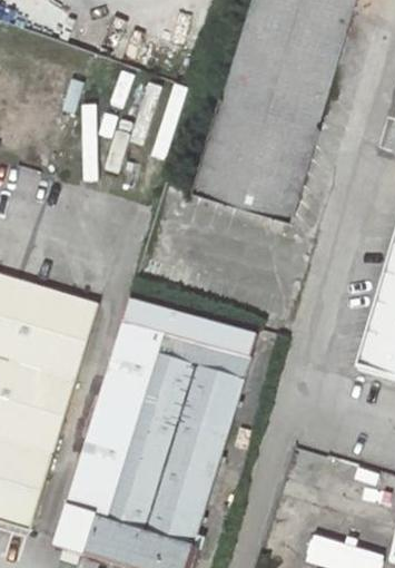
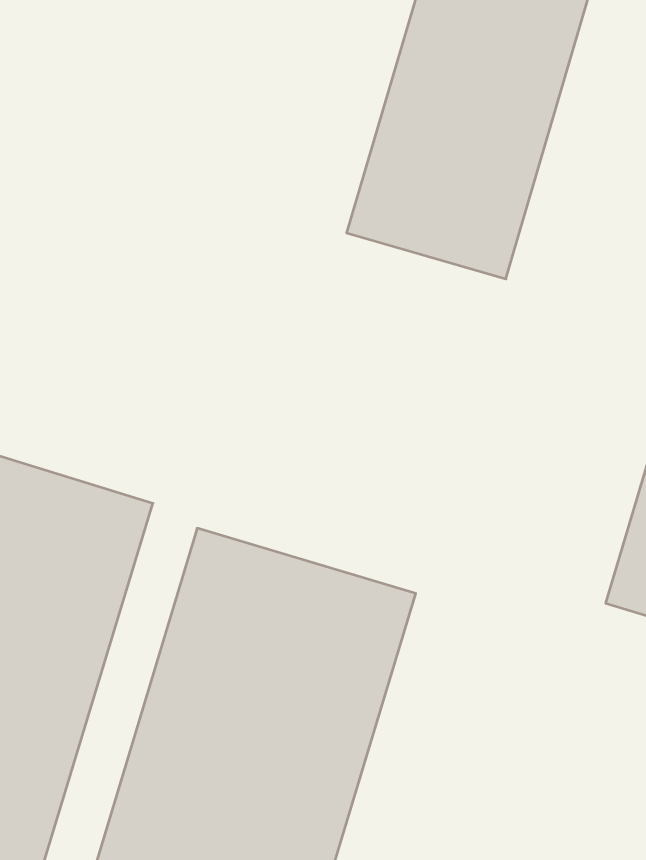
building: [197,147,303,219] -> none
building: [124,292,258,356] -> none

